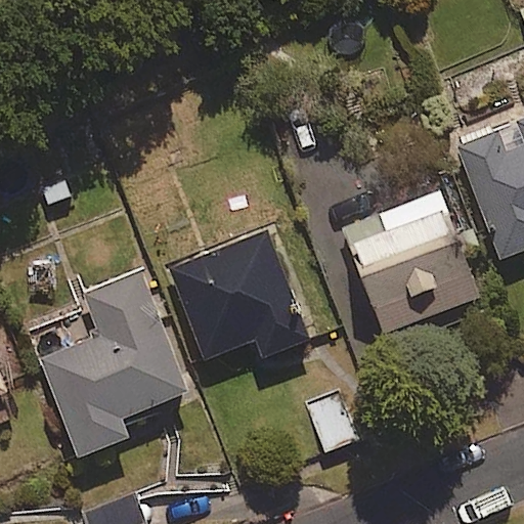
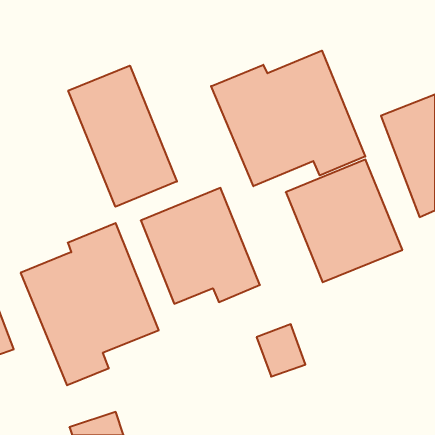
building: none -> [211,51,365,186]
building: none -> [68,66,177,207]

